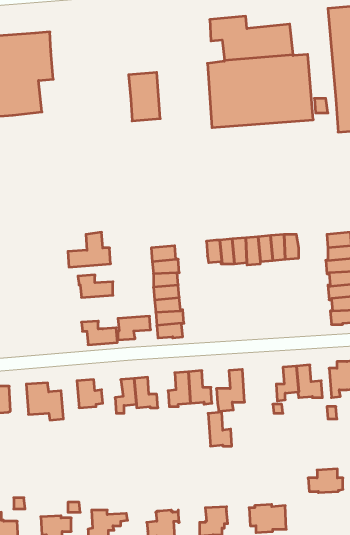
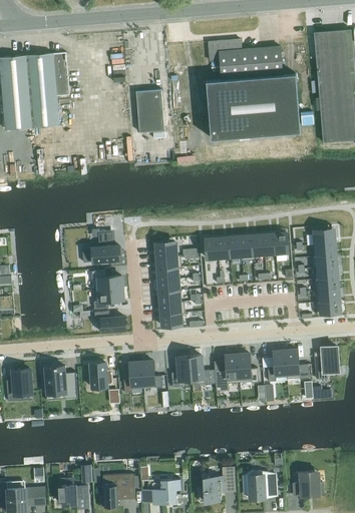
building: [118,316,151,340] -> [94,288,123,309]
building: [208,412,232,446] -> [238,353,259,383]
building: [308,469,343,493] -> [293,475,324,496]

